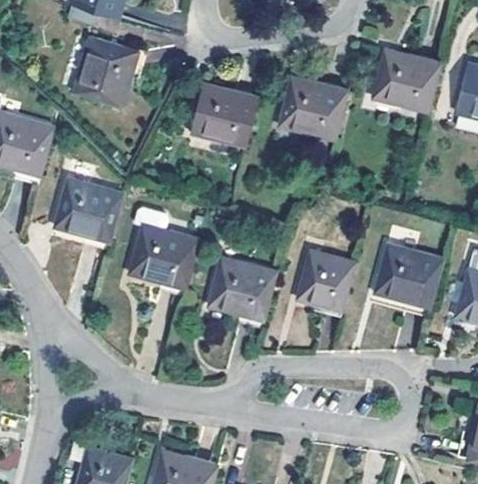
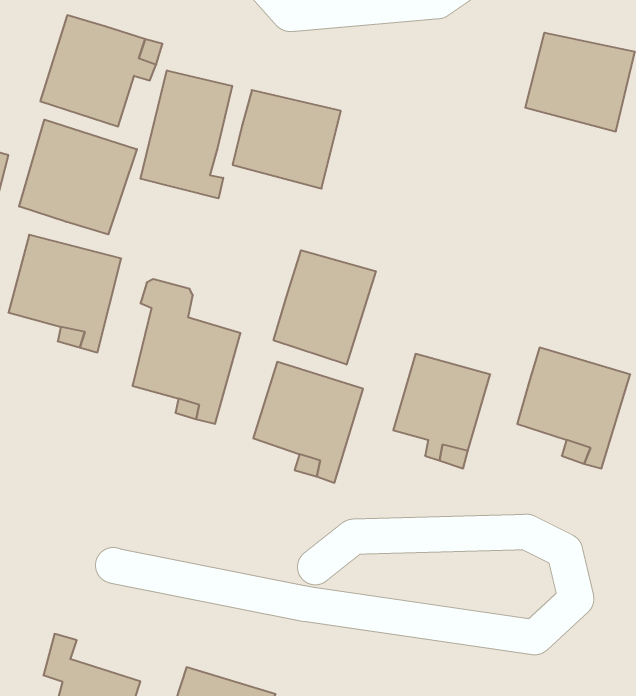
building: none -> [140,70,232,198]
building: [280,77,350,141] -> none
building: none -> [19,120,137,234]
building: none -> [274,250,376,365]

